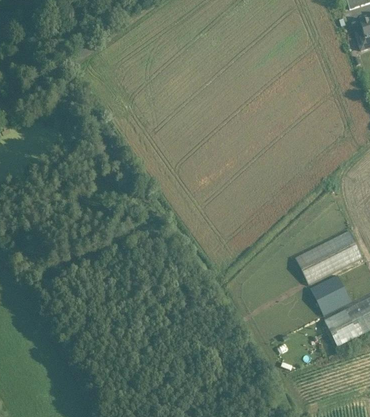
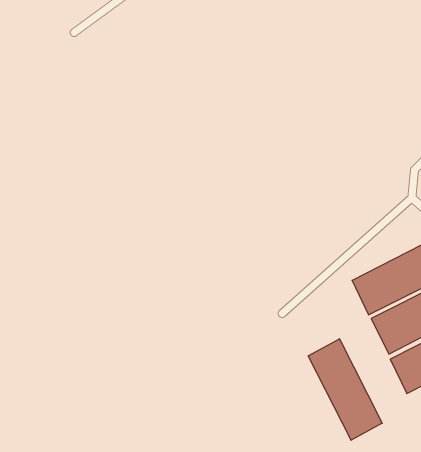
building: none -> [308,339,382,440]

